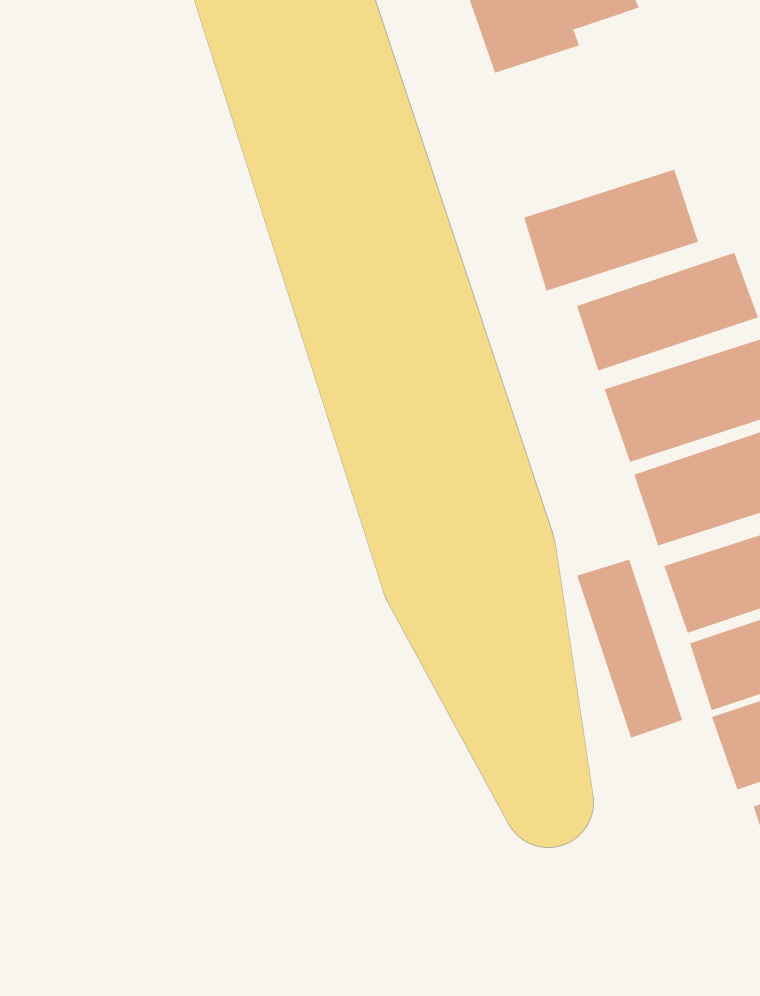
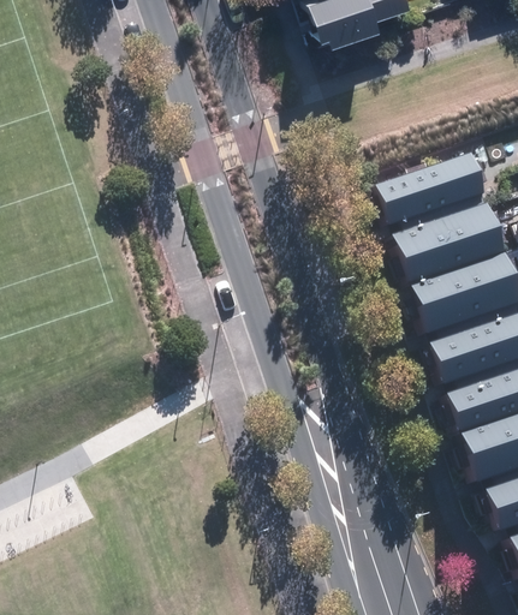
building: [523,169,699,292] -> none
building: [577,559,683,738] -> none

